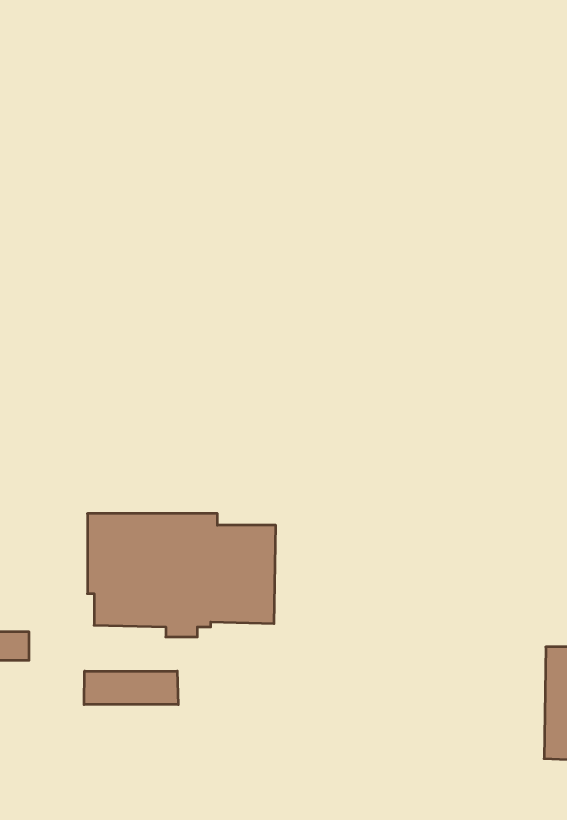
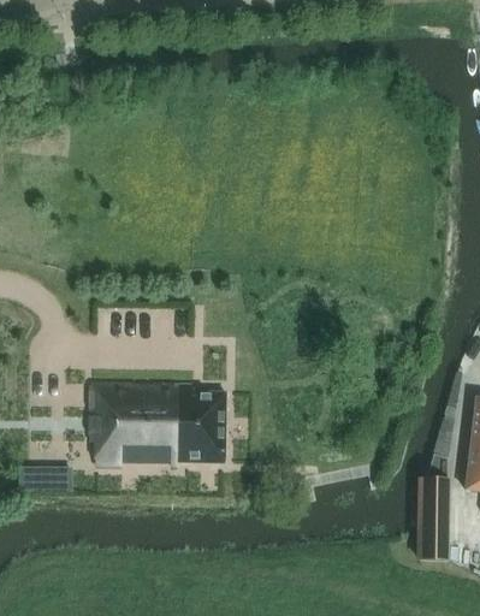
building: [84,671,178,705] -> none

